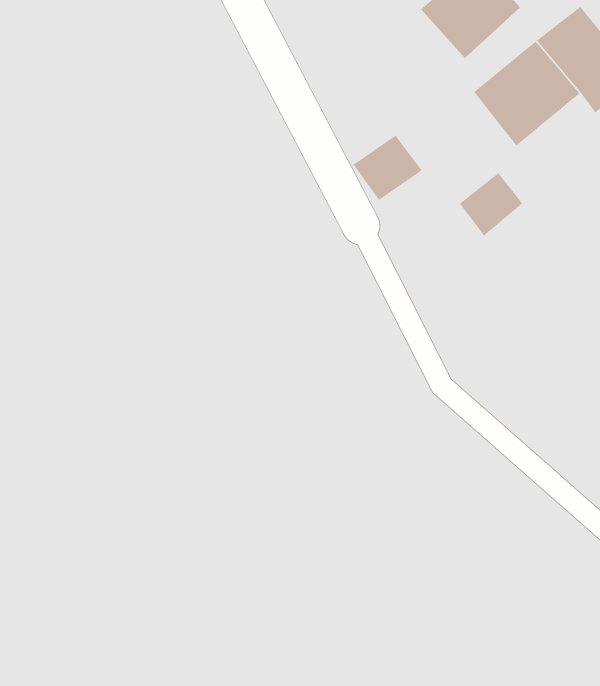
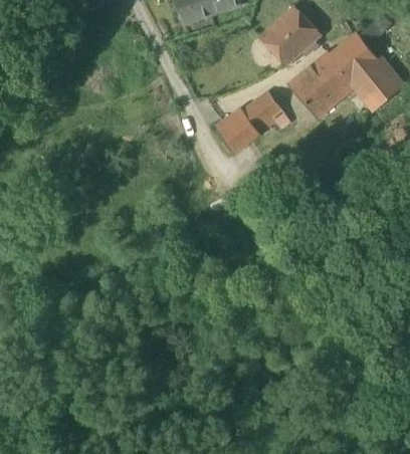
building: [459,172,523,237] -> [244,93,283,133]

